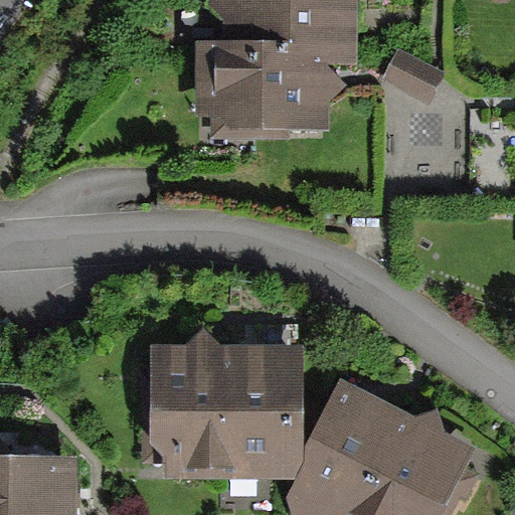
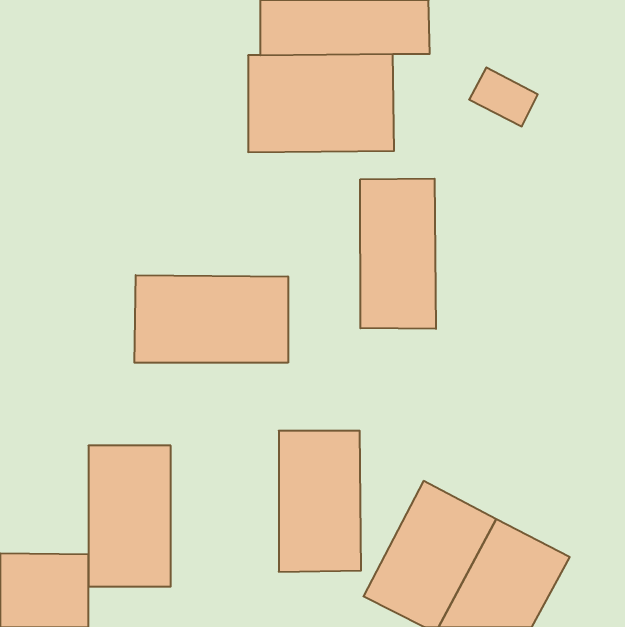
building: none -> [360,179,436,329]
building: none -> [134,275,288,363]
building: [163,353,230,469] -> [88,446,171,587]

